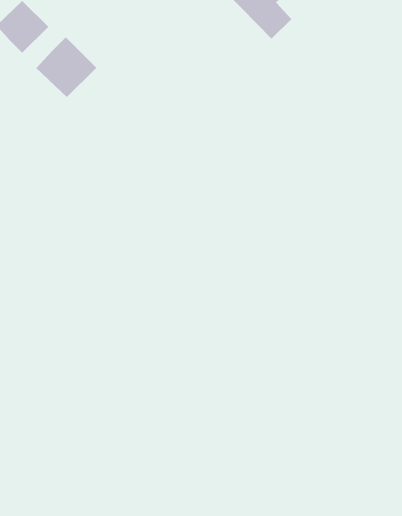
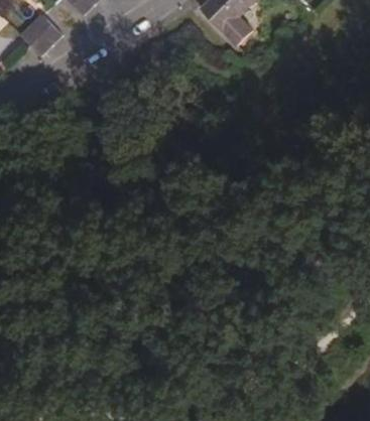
building: [36,36,97,98] -> none

